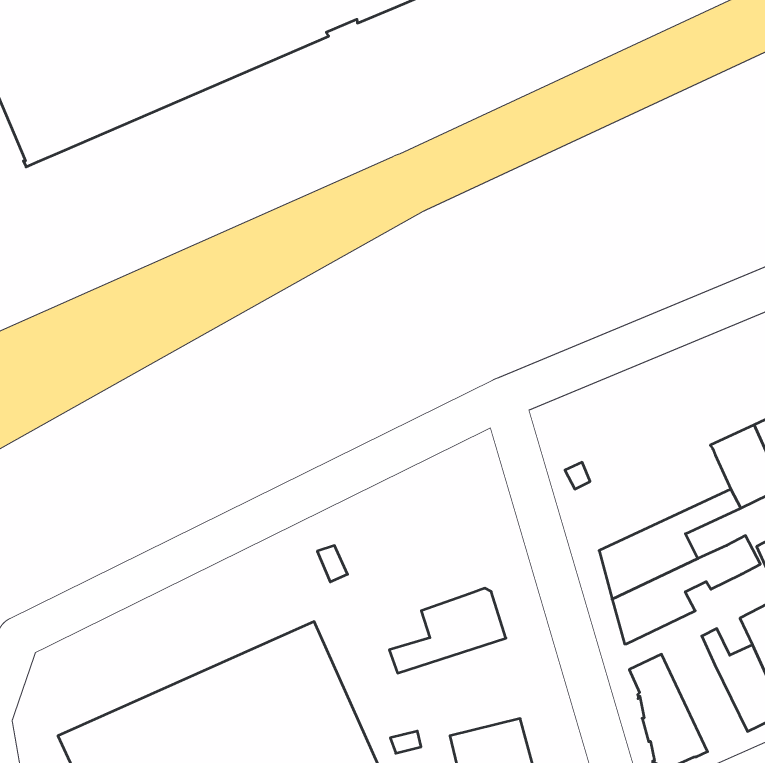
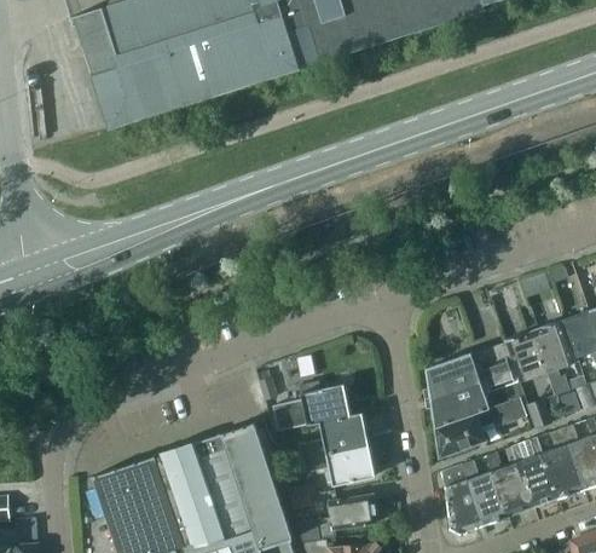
building: none -> [427,342,514,397]
building: none -> [272,382,349,431]
building: none -> [301,444,375,485]
building: none -> [462,460,509,525]

